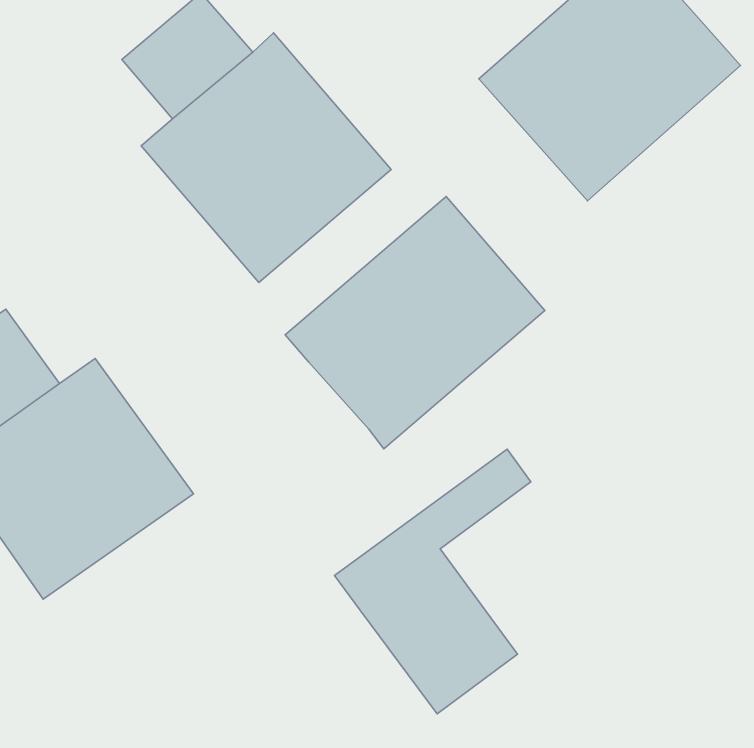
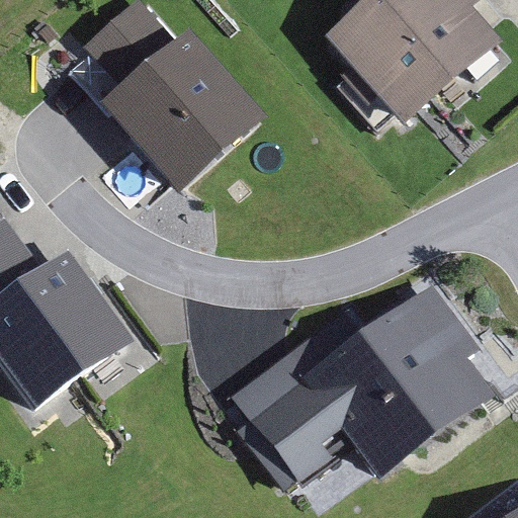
building: [285,197,545,449] -> none
building: none -> [299,280,504,478]

